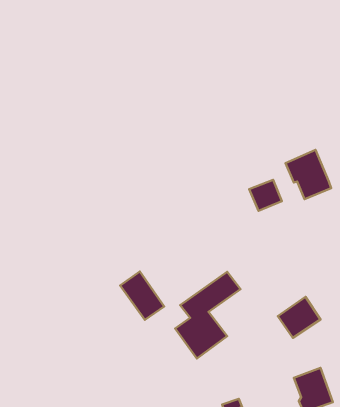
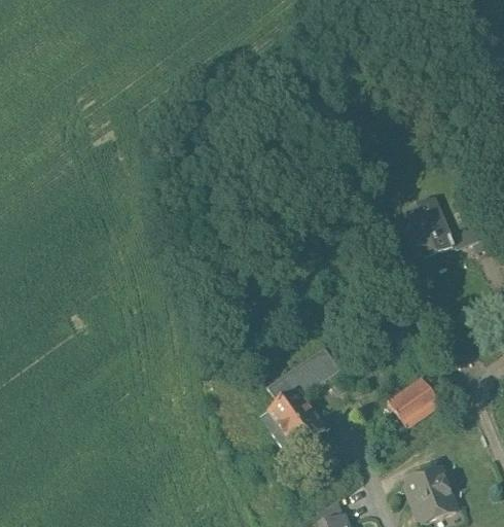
building: [249,180,282,211] -> none
building: [120,271,164,320] -> none

